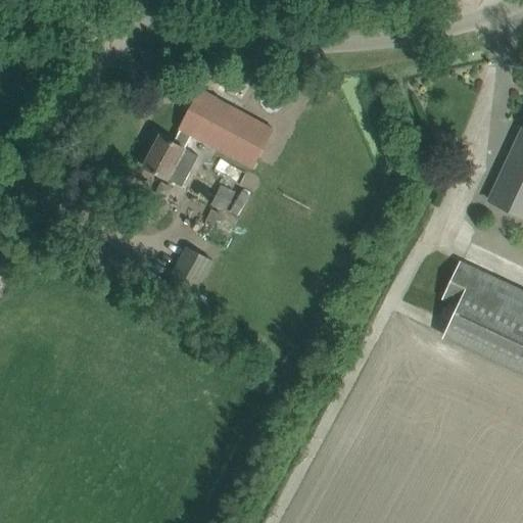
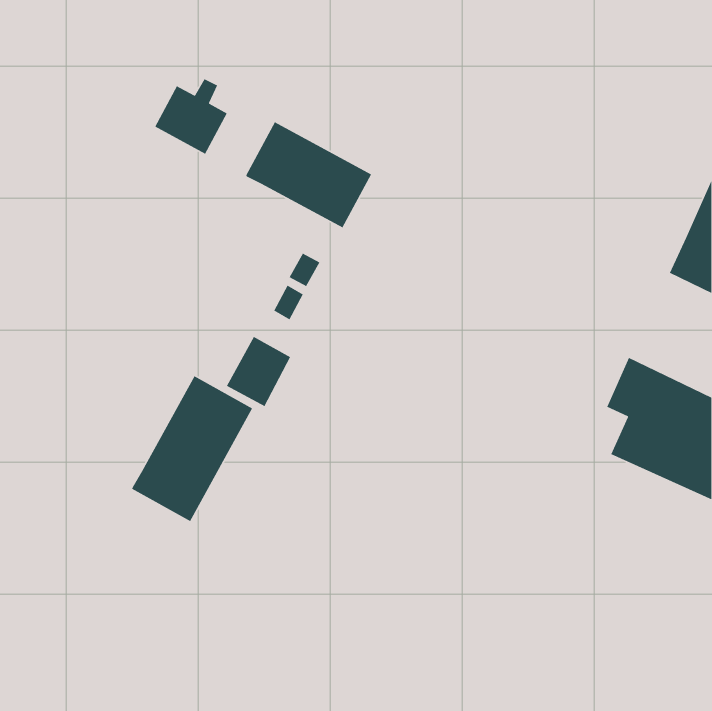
building: [144,130,198,186] -> [154,78,228,155]
building: none -> [131,375,253,522]

